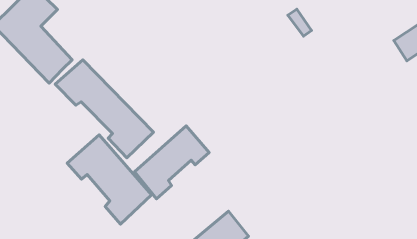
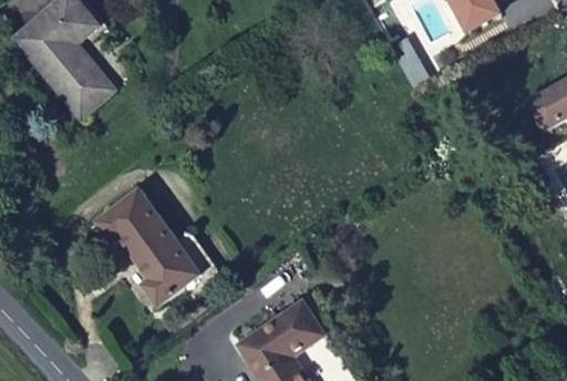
building: [55,60,154,158] -> none
building: [134,126,209,199] -> none

